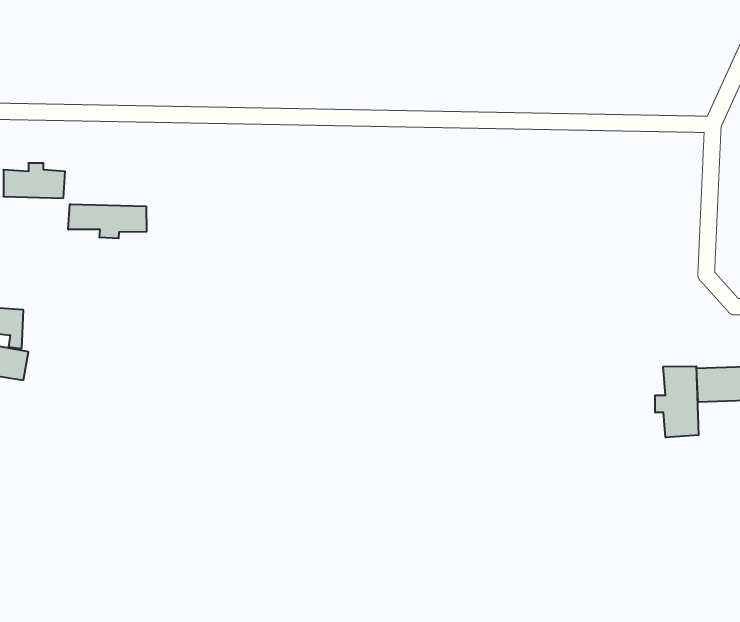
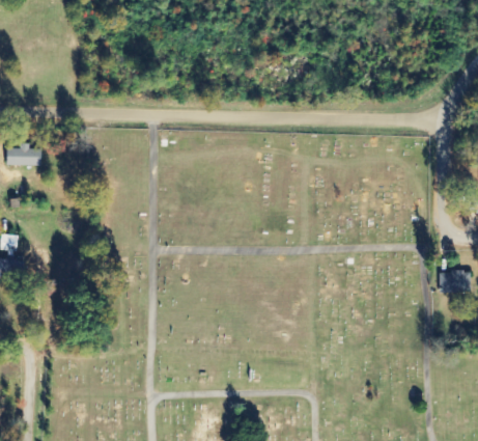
building: [68,204,147,238] -> none
building: [655,366,698,437] -> none

